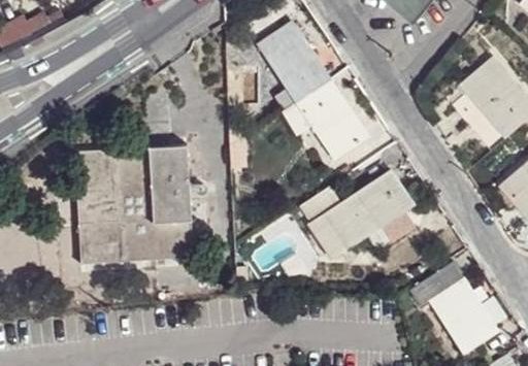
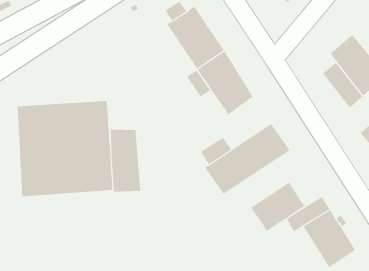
building: none -> [110,129,141,193]
building: none -> [250,182,305,232]

